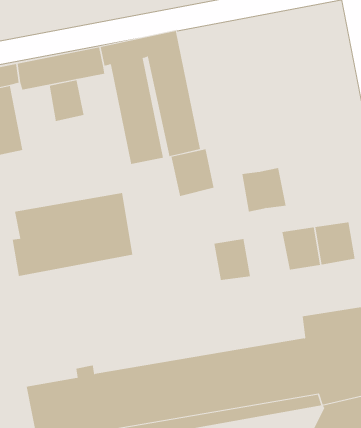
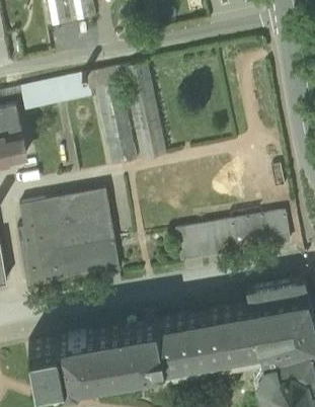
building: [49,79,84,122] -> none
building: [171,149,214,197] -> none
building: [242,168,286,212] -> [202,221,237,256]
building: none -> [22,239,120,287]

